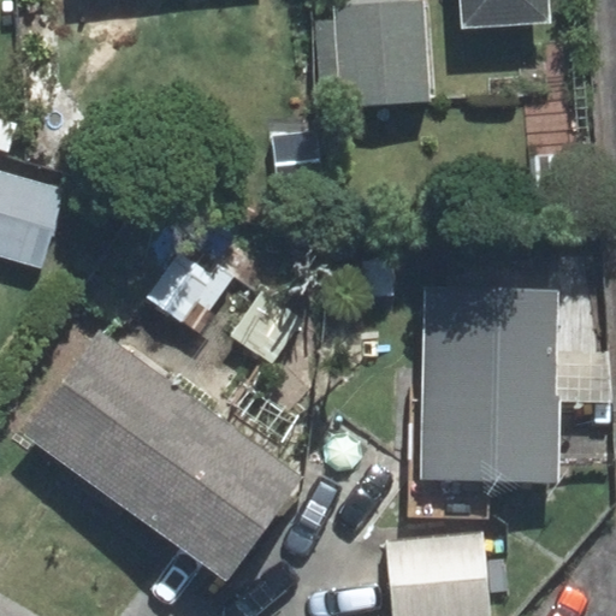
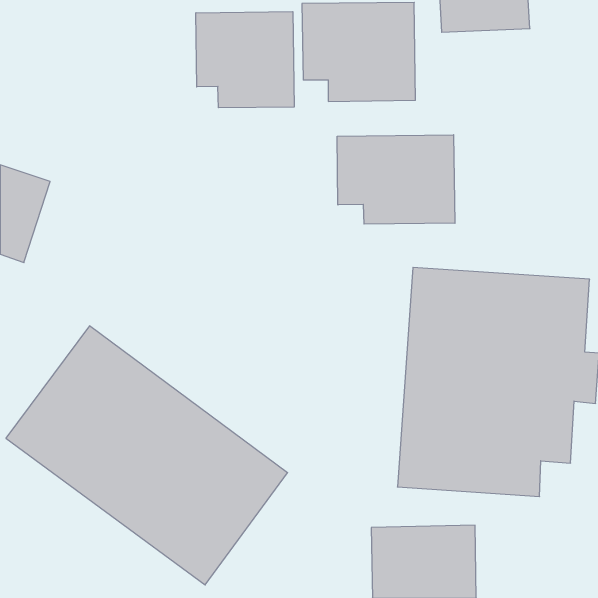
building: none -> [196,12,294,108]
building: none -> [337,135,455,224]

